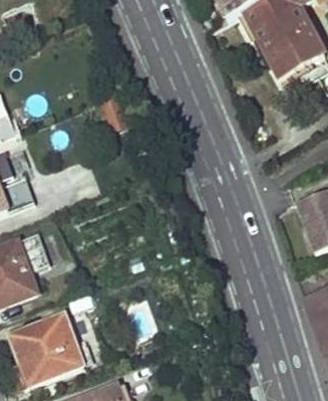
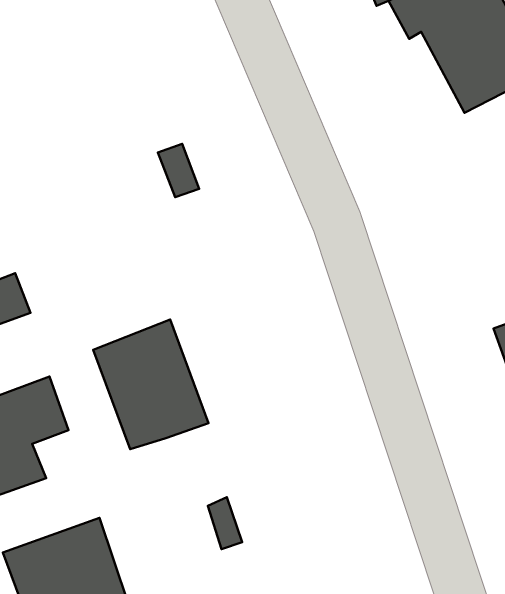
building: none -> [93,320,209,449]

